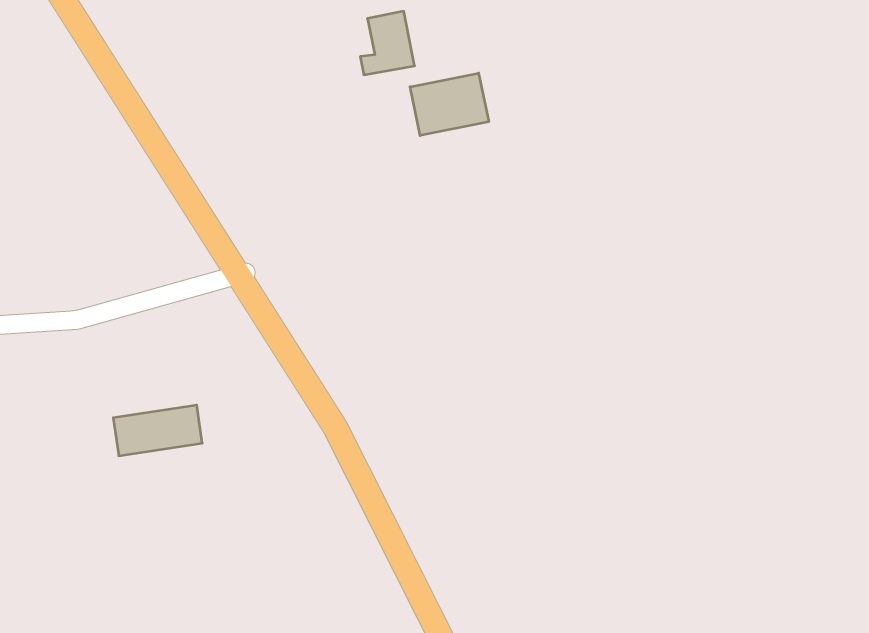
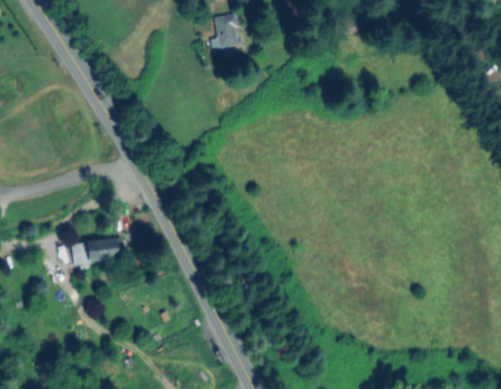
building: [410,73,489,136] -> none

